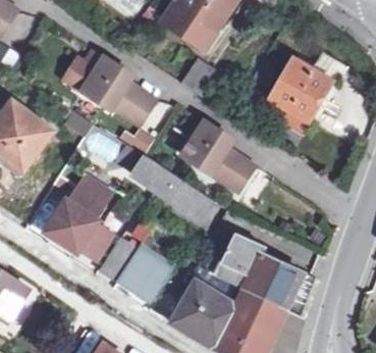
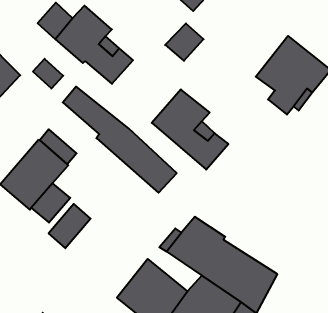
building: [115,246,171,303] -> none

